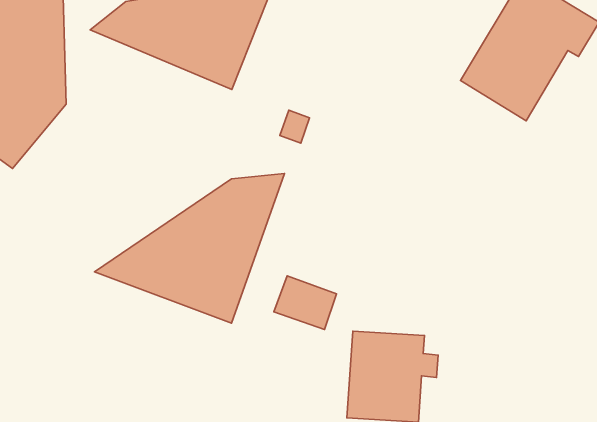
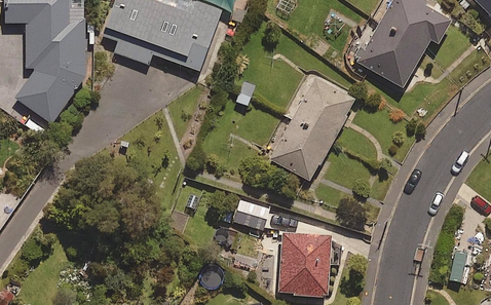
building: none -> [262,77,355,181]
building: [94,174,284,323] -> none

